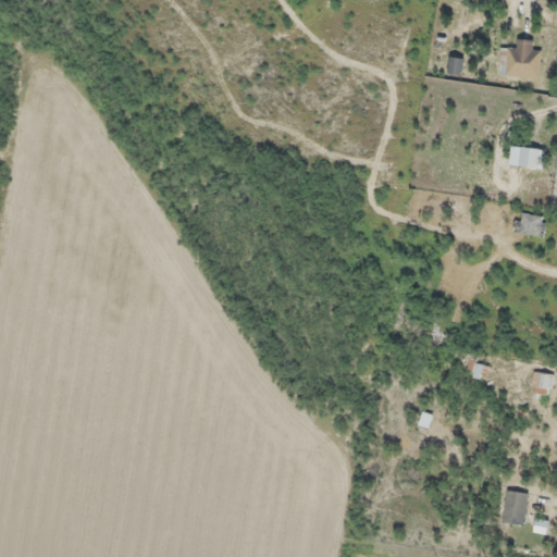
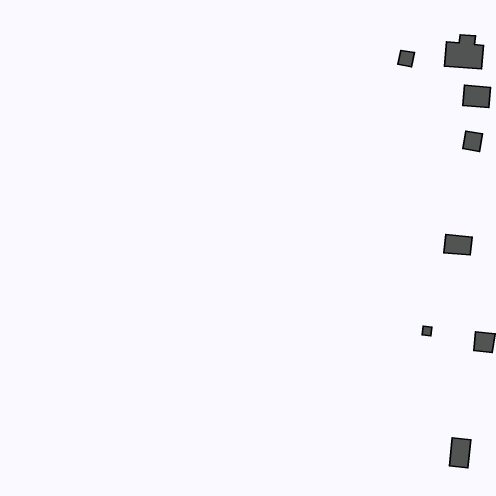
building: none -> [463,85,491,108]
building: [515,213,546,236] -> [444,234,472,255]

